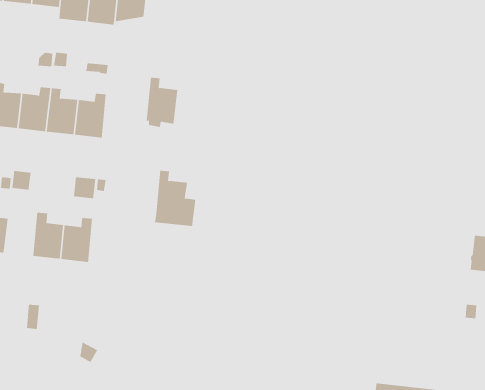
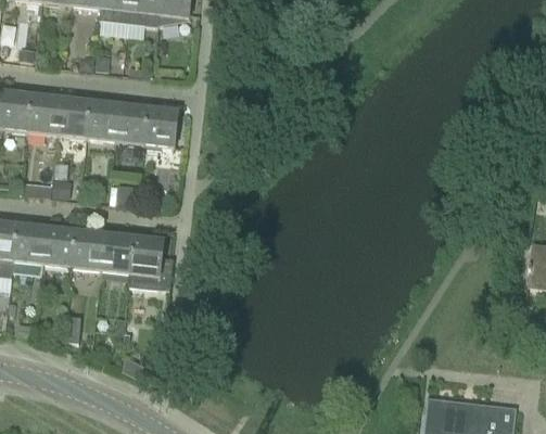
building: [146,77,178,127] -> [144,99,178,151]
building: [154,170,196,227] -> [129,228,173,286]
building: none -> [42,220,76,267]

